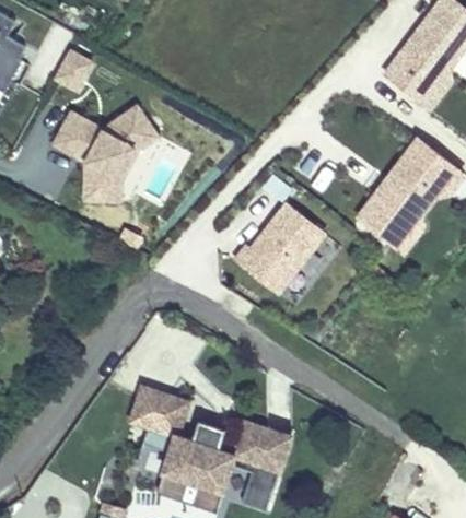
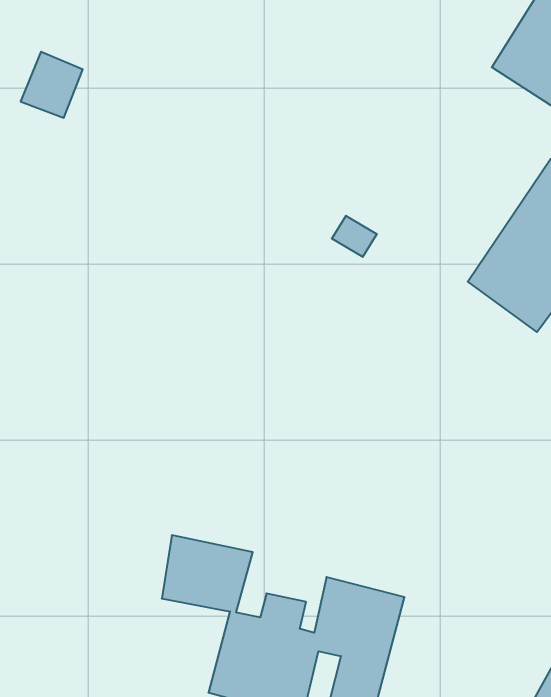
building: [58,108,152,199] -> none
building: [232,203,327,301] -> none

